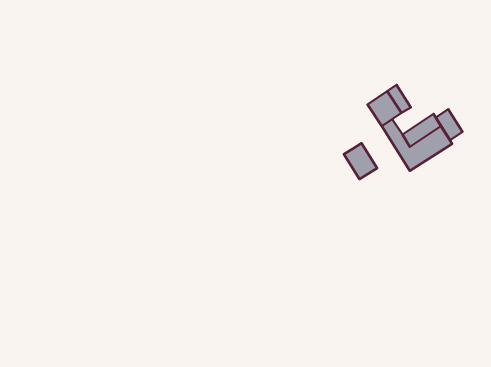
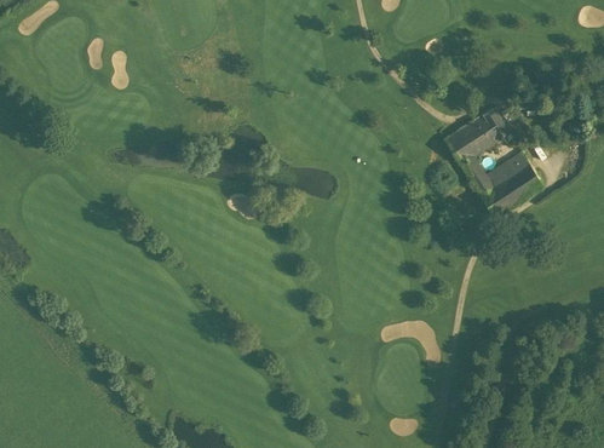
building: [436,109,463,140] -> [479,105,511,142]
building: [344,143,377,179] -> none

